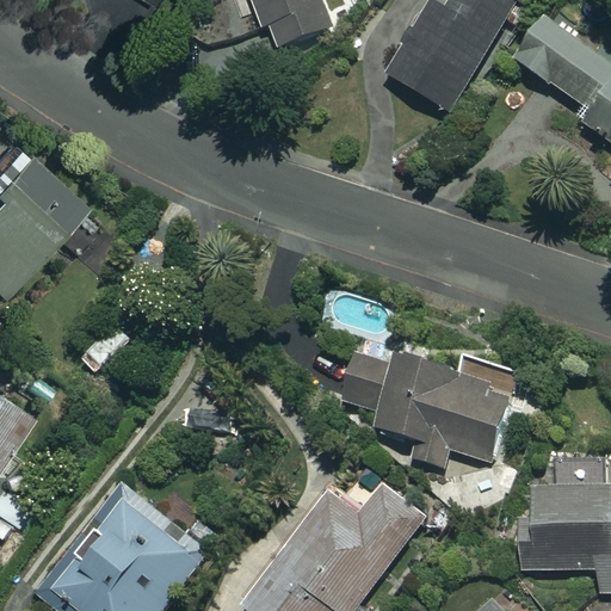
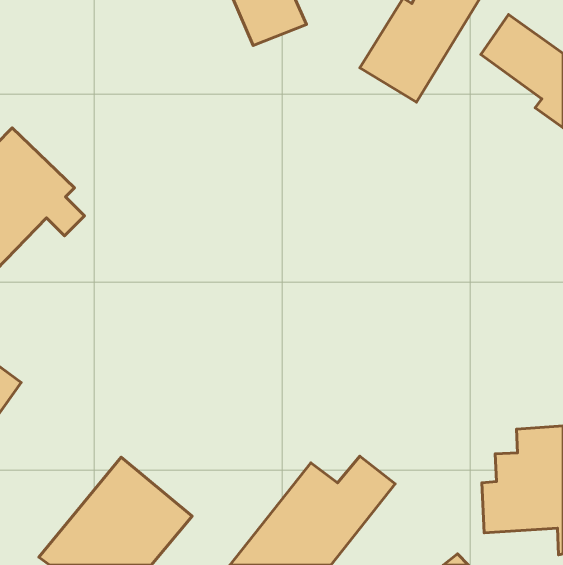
building: [342,354,512,467] -> none

